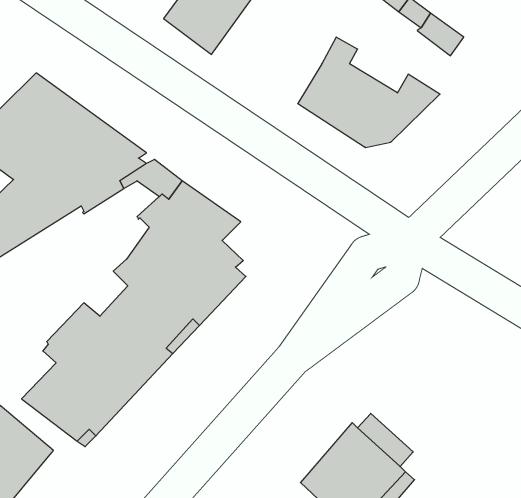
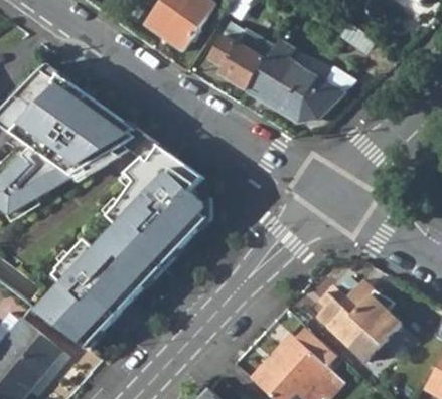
building: none -> [209,20,265,89]
building: none -> [315,280,399,360]

